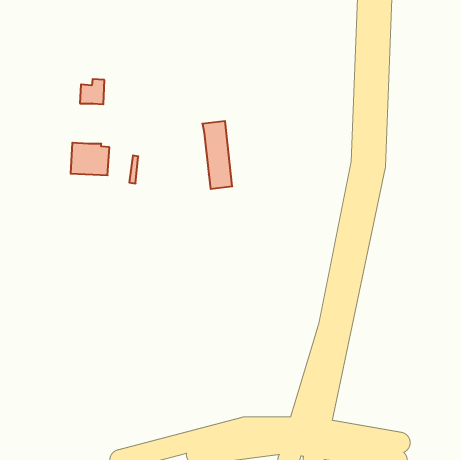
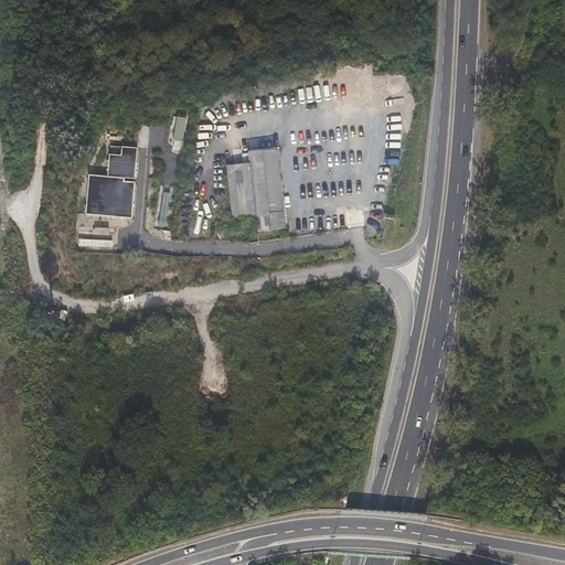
building: [80,79,104,104] -> [108,146,138,177]
building: none -> [227,162,255,215]

